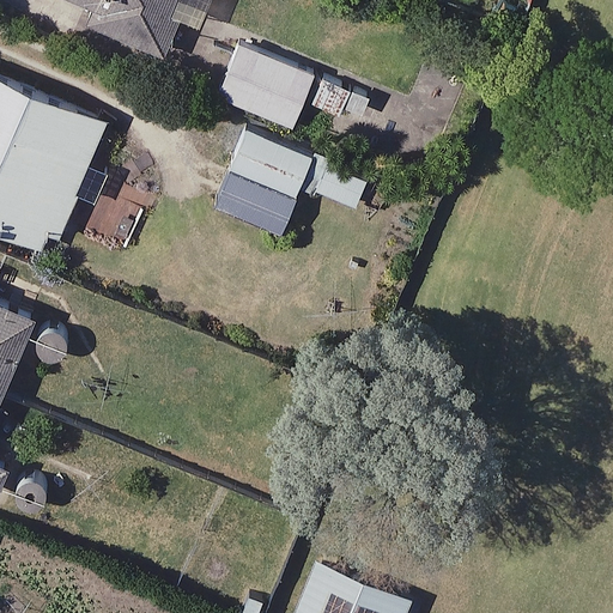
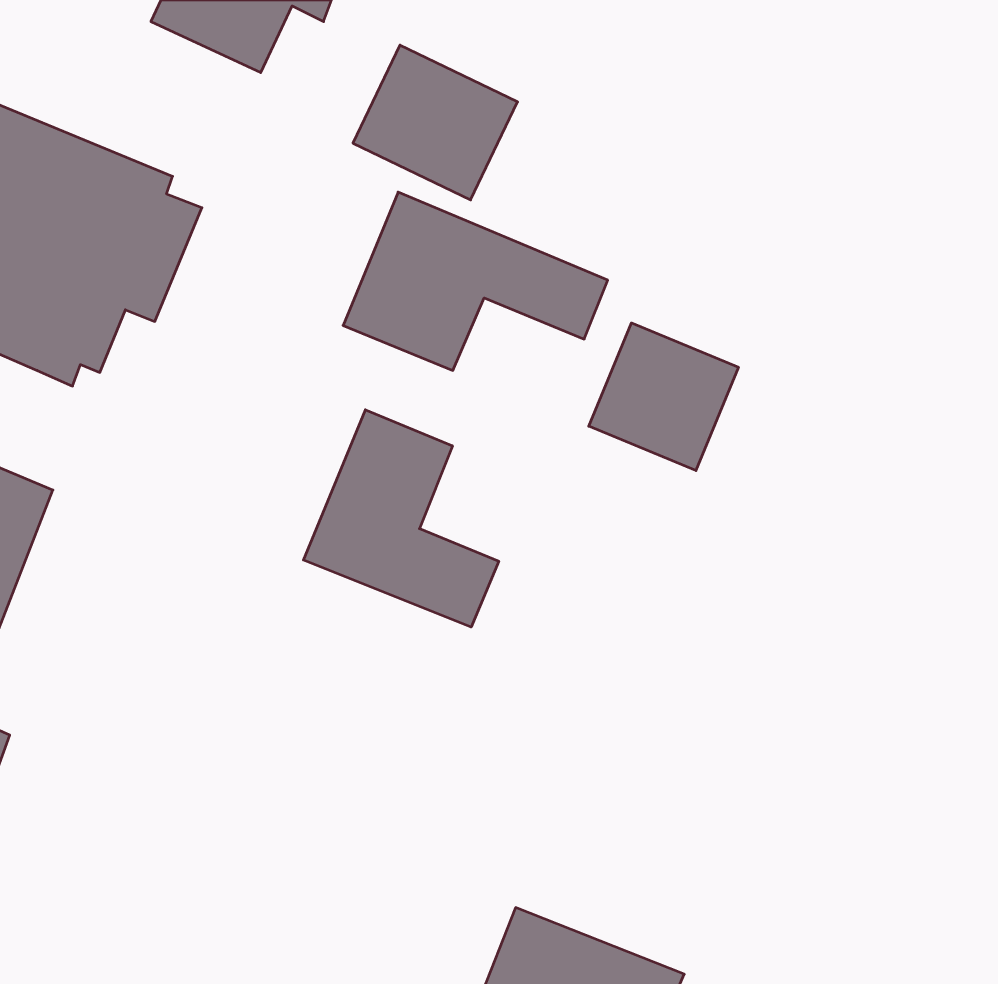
building: none -> [589,323,738,471]
building: none -> [303,410,499,627]

